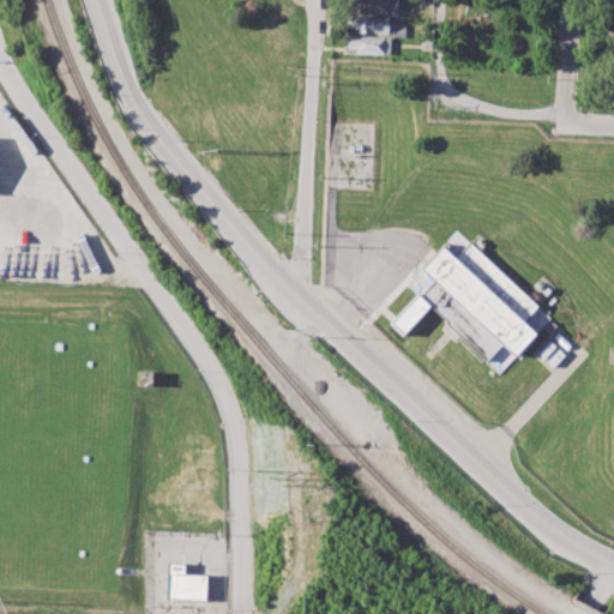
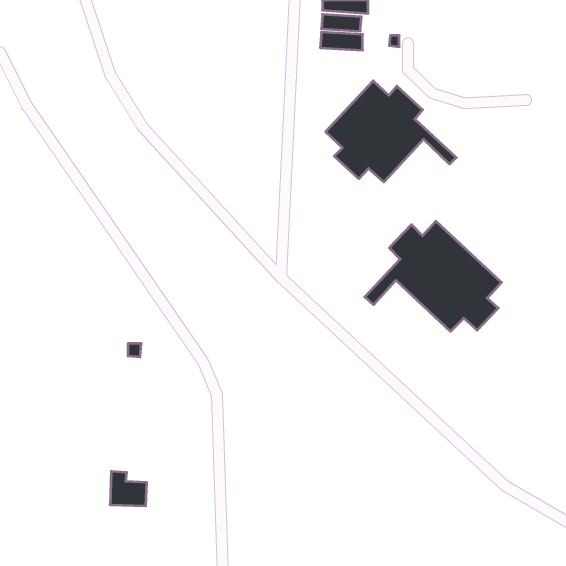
building: none -> [326,81,456,182]
building: [169,565,209,602] -> [110,471,147,506]

